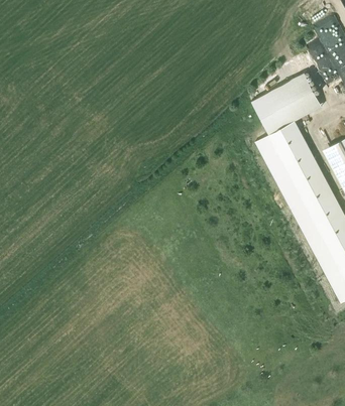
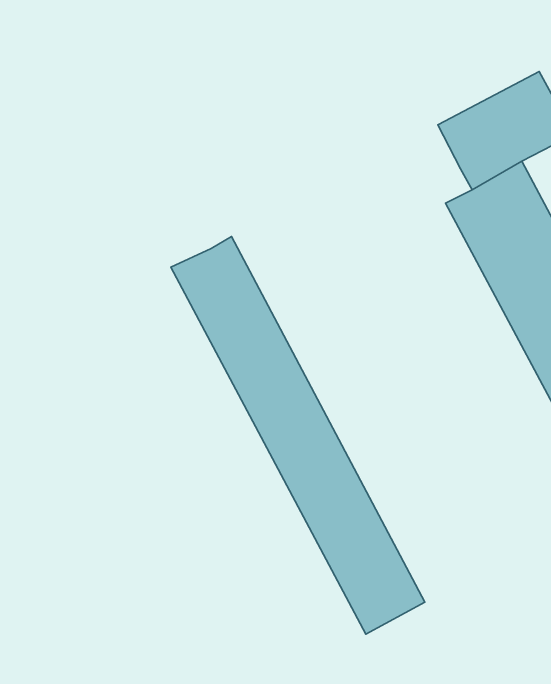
building: none -> [171,237,425,634]

